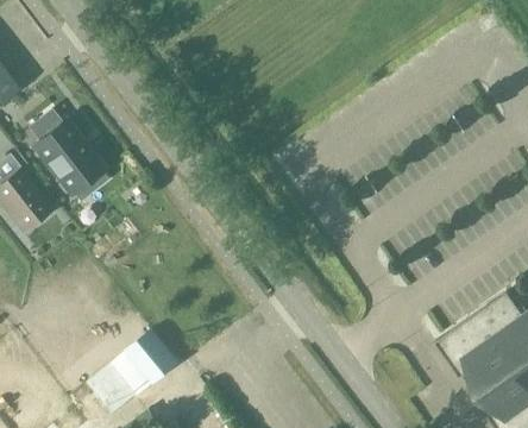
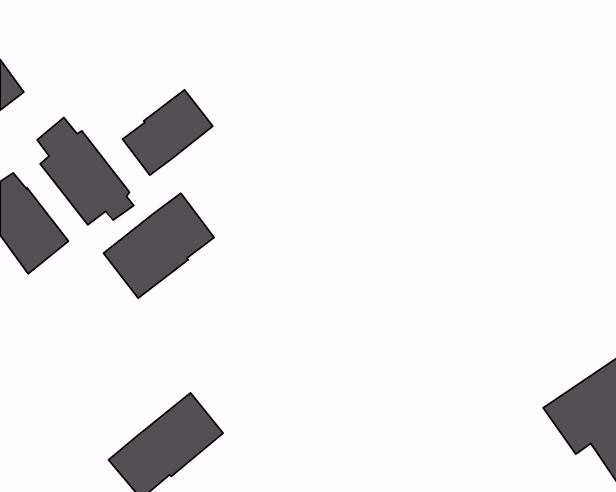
building: none -> [122,90,213,175]
building: none -> [103,193,214,298]

